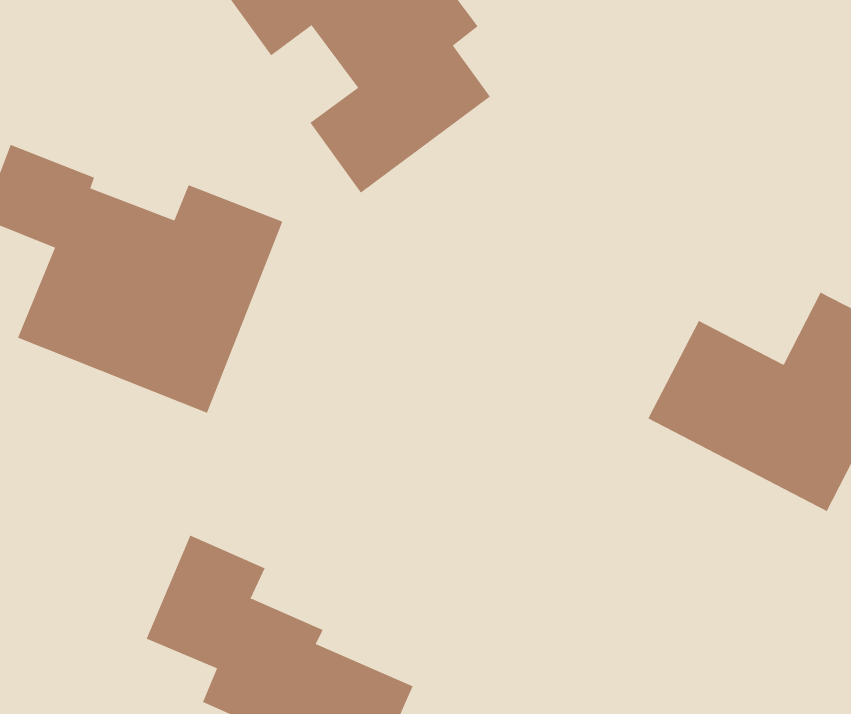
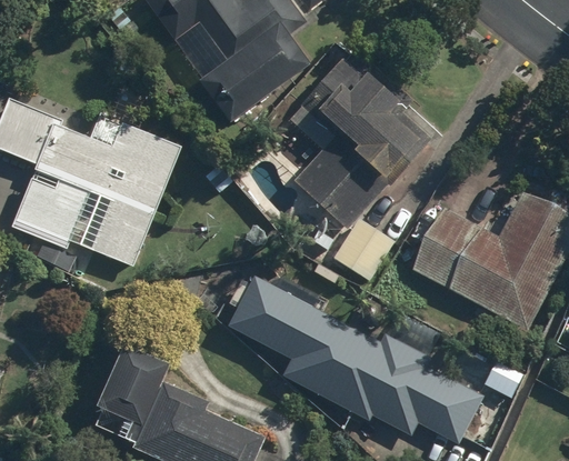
building: none -> [293,54,418,226]
building: none -> [332,218,393,281]
building: none -> [224,274,482,444]

